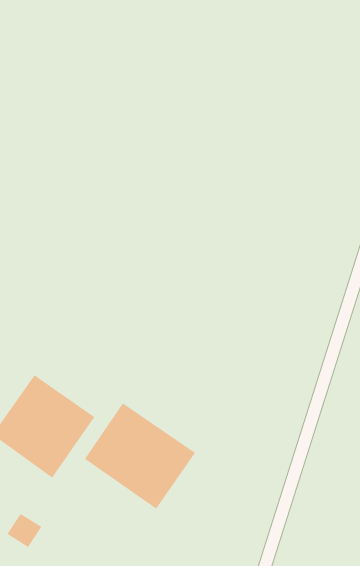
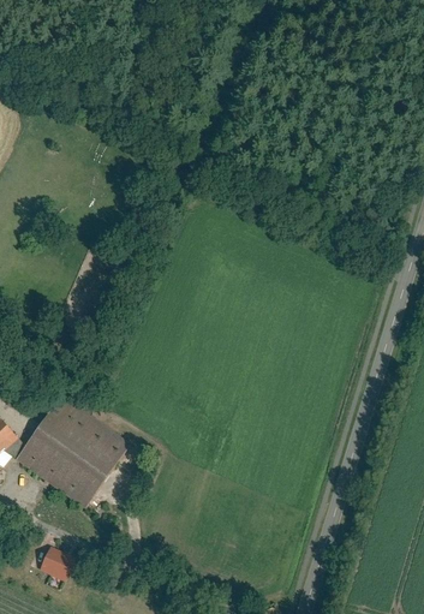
building: [84,403,196,509] -> none

